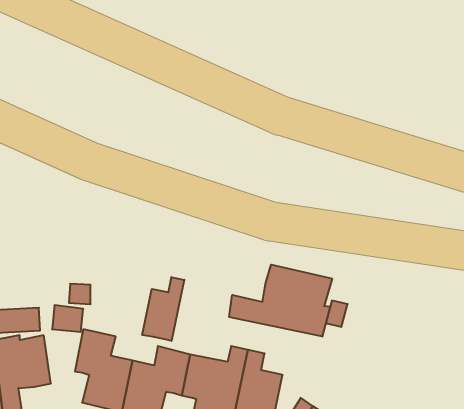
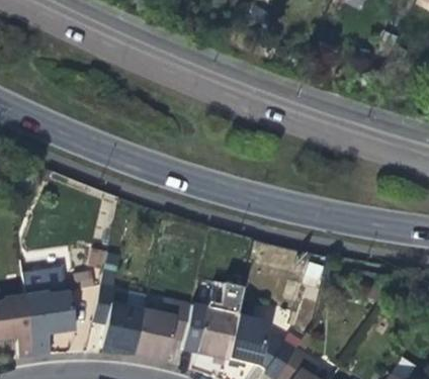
building: [229,265,332,337] -> none
building: [142,277,184,341] -> none

